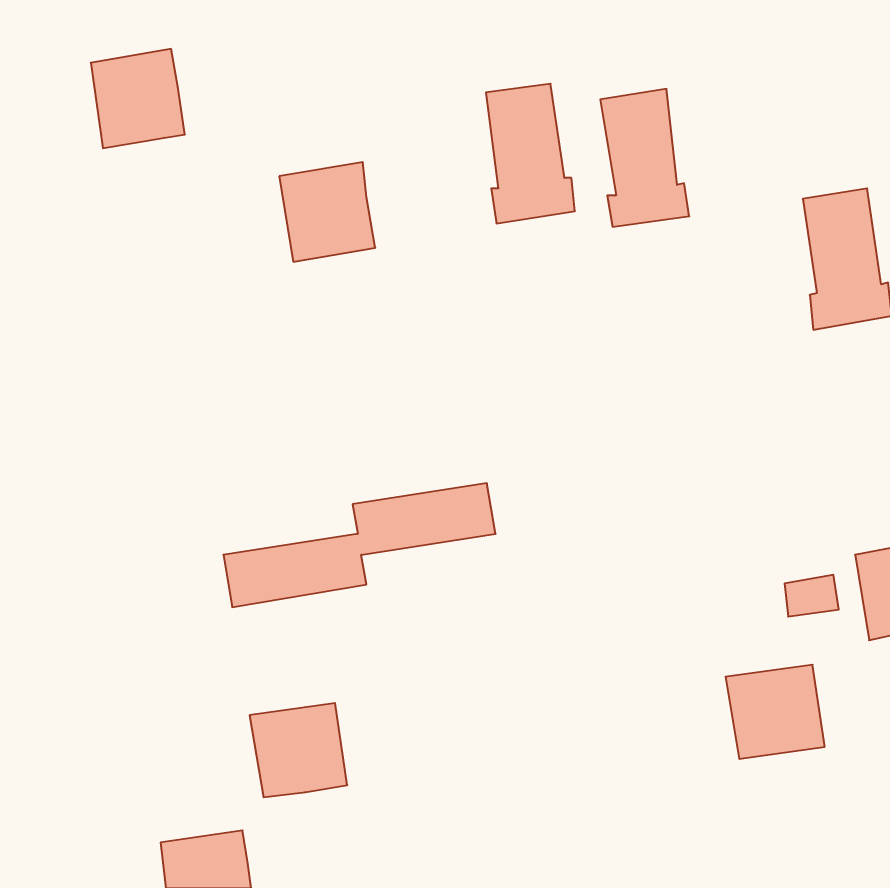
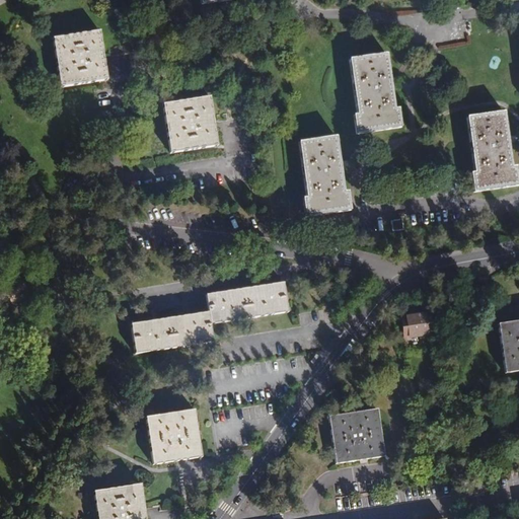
building: [486,84,575,223] -> [300,135,352,216]
building: [785,575,839,617] -> [402,311,434,336]
building: [725,665,825,759] -> [328,407,386,462]

